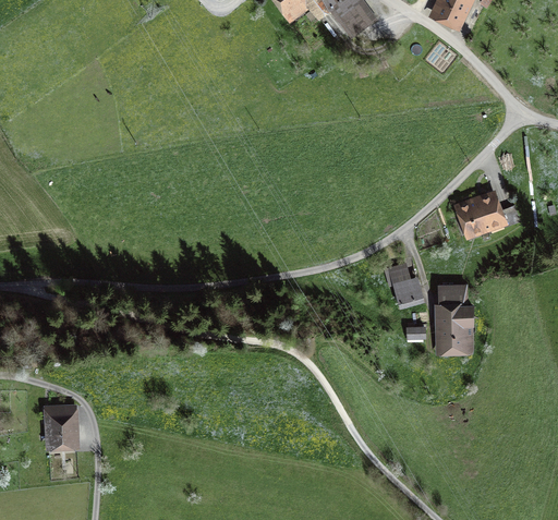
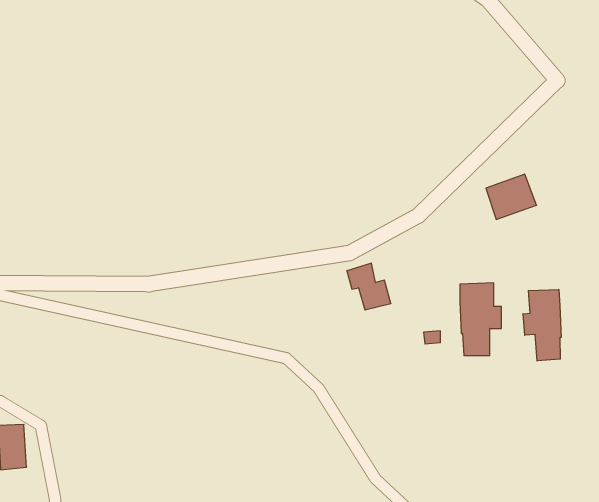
building: [384,264,421,303] -> [347,263,391,310]
building: none -> [523,289,561,361]

